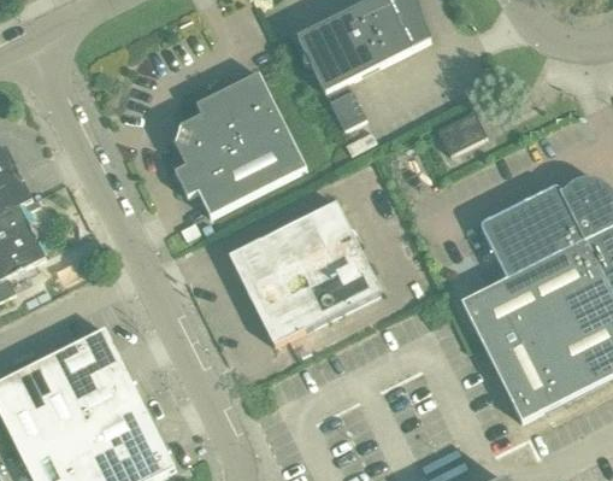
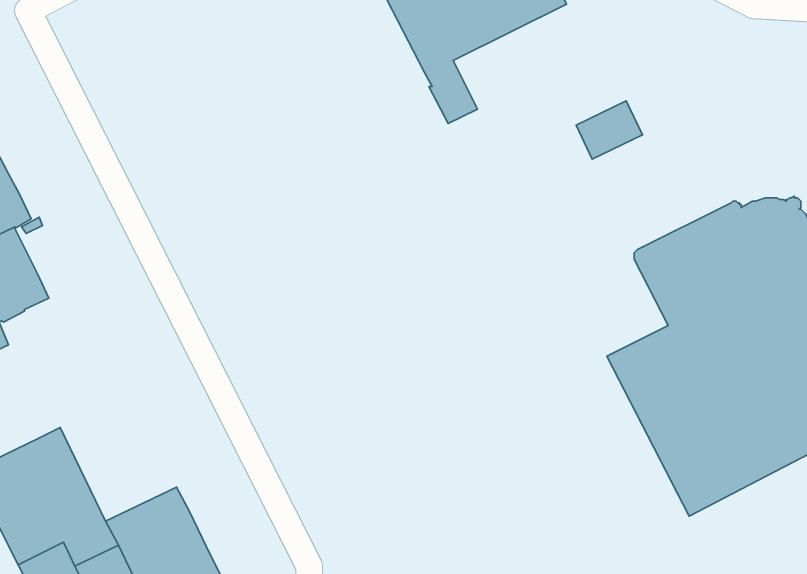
building: [173,70,306,215] -> none
building: [229,200,381,344] -> none
building: [53,327,140,423] -> none

